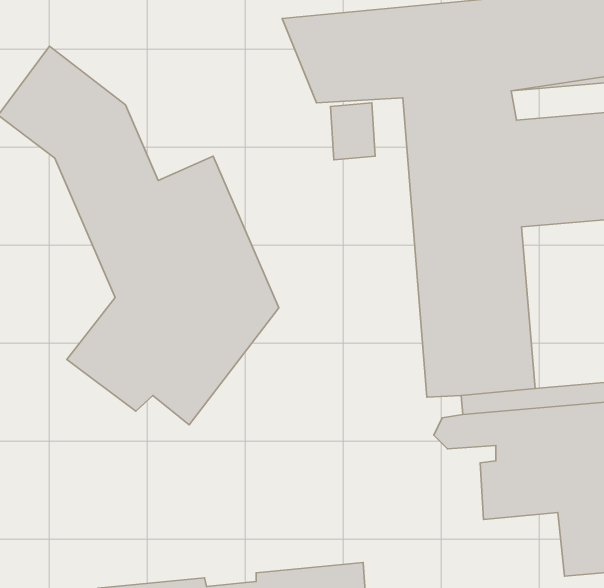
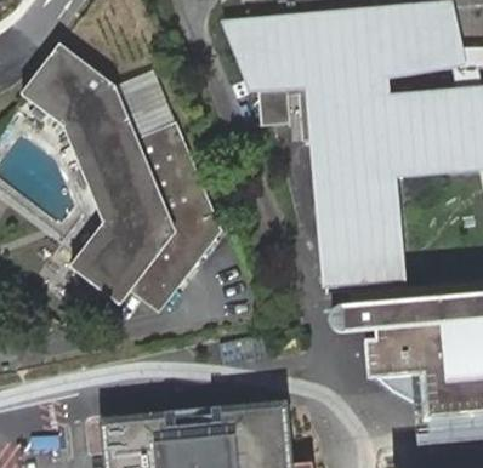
building: none -> [113,68,175,138]

